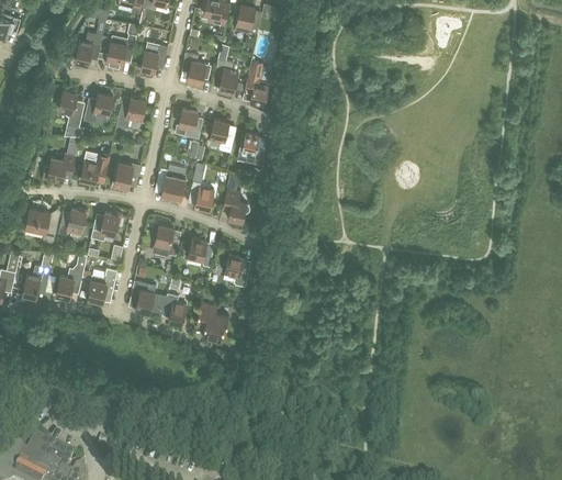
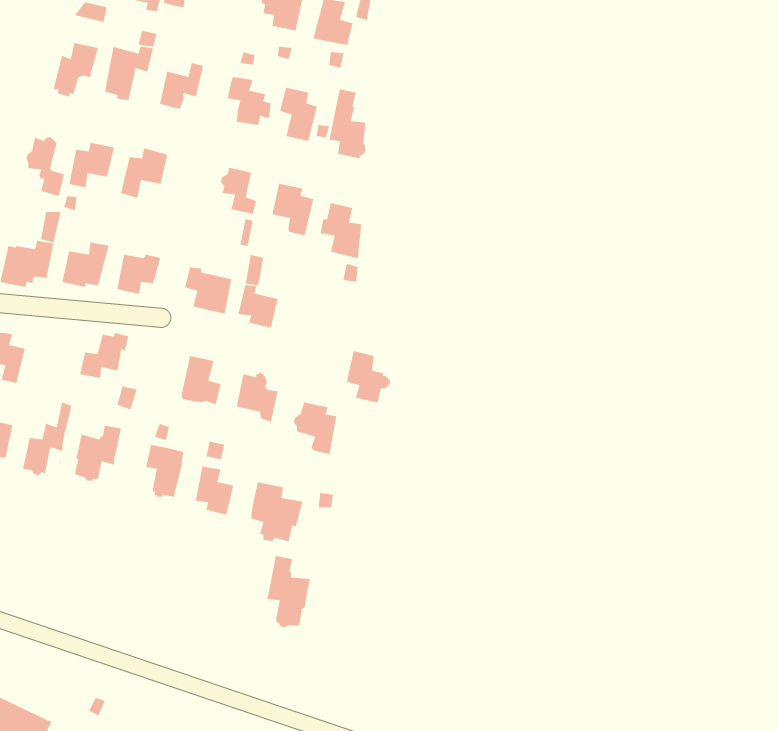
building: [222,189,249,222] -> [346,350,391,403]
building: [57,209,87,235] -> none
building: none -> [266,555,311,629]

